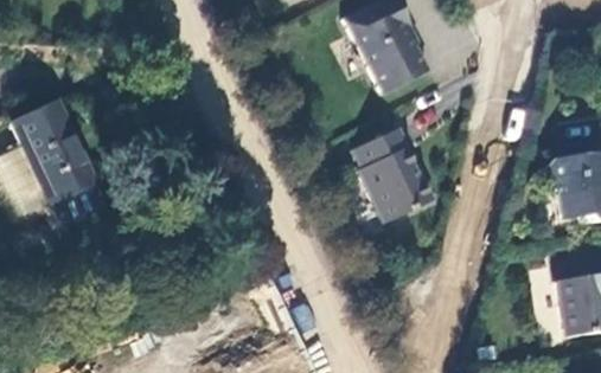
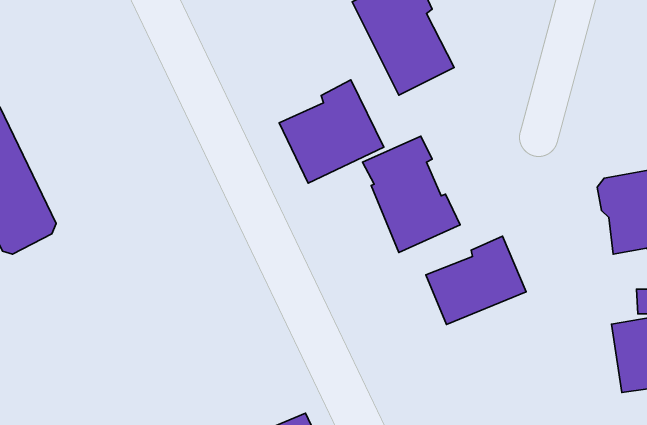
building: none -> [279,80,384,183]
building: none -> [426,236,526,325]

